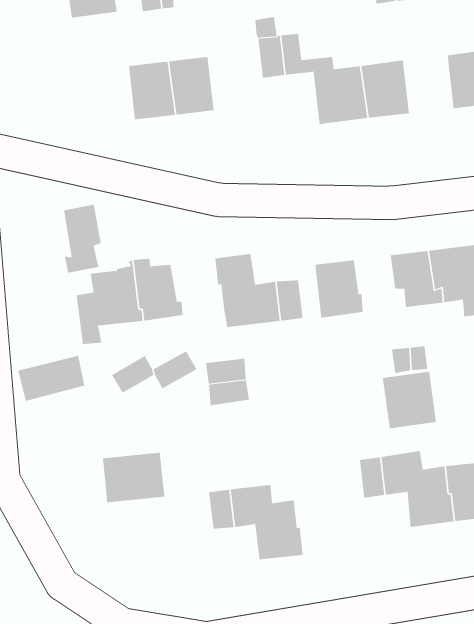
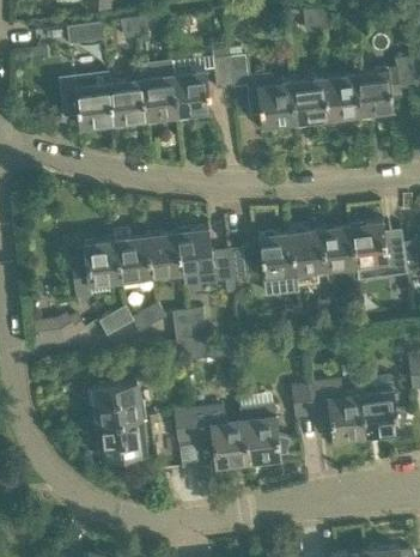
building: none -> [175,72,212,117]
building: none -> [59,74,117,129]
building: none -> [327,74,365,120]
building: [63,204,101,273] -> none
building: none -> [288,230,328,274]
building: none -> [146,232,187,277]
building: [382,371,437,429] -> none
building: none -> [241,407,290,464]
building: none -> [96,418,154,460]

